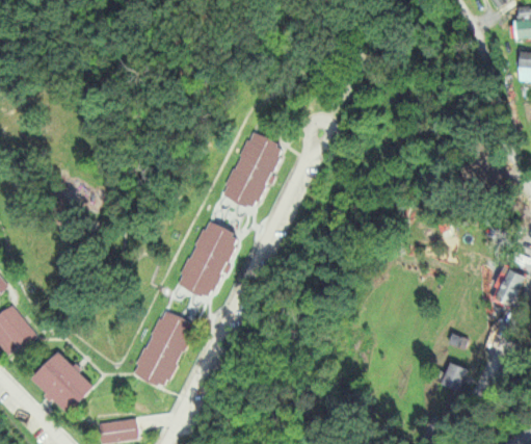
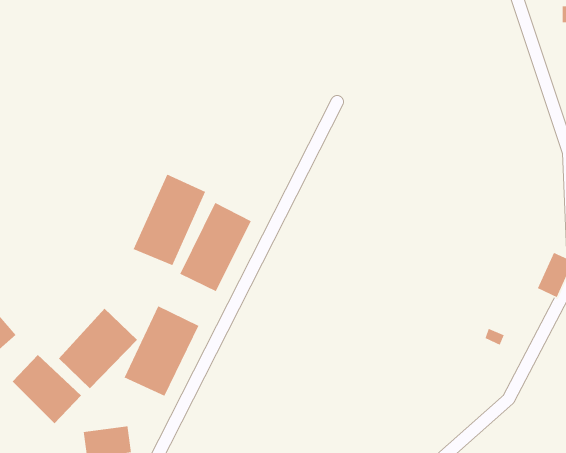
building: [221,130,286,211] -> [132,174,206,266]
building: none -> [58,308,138,389]
building: [434,359,462,389] -> none

